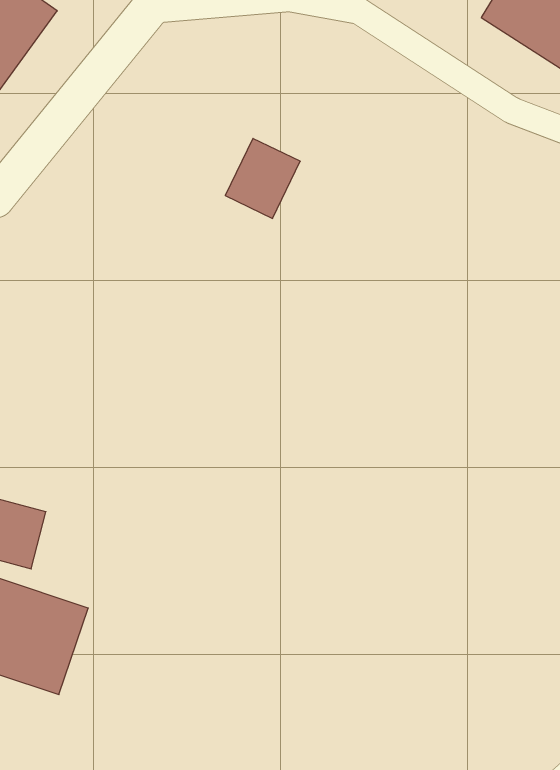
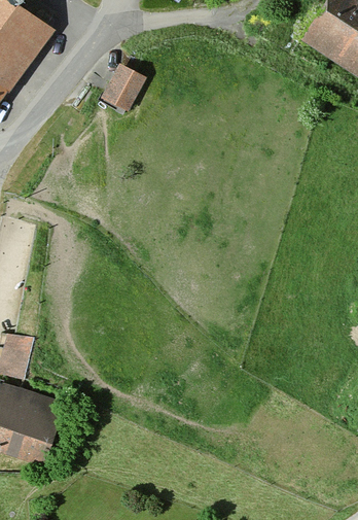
building: [225,138,300,218] -> [99,61,146,111]

